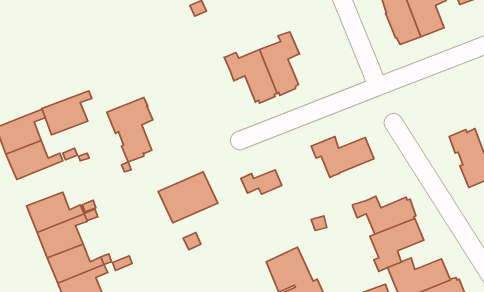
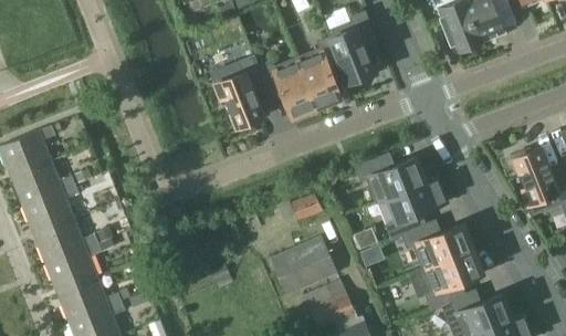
building: none -> [327,12,375,83]
building: [42,91,92,135] -> [22,185,78,234]
building: [107,97,153,162] -> [211,56,263,129]
building: none -> [386,178,443,238]
building: [158,172,218,223] -> [270,237,337,294]

